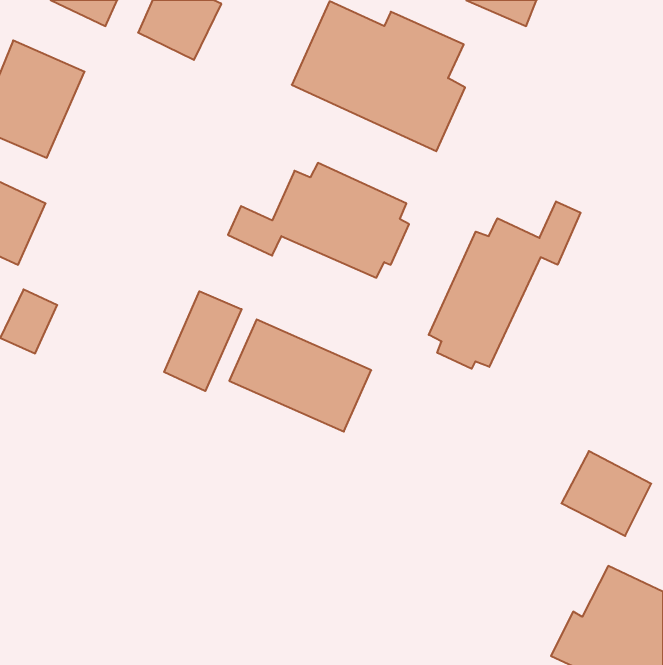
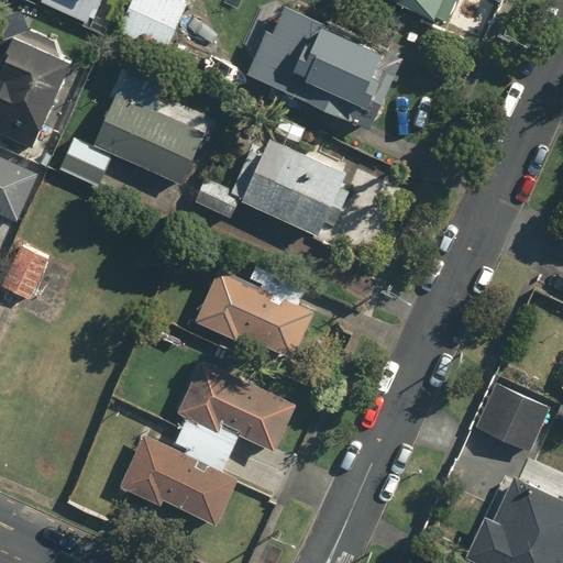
building: none -> [57,90,205,187]
building: [429,201,581,369] -> none
building: [164,291,242,391] -> none
building: none -> [122,358,296,527]

